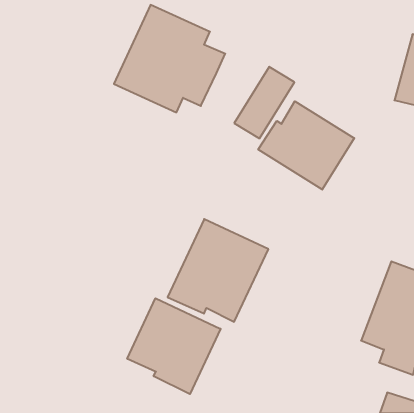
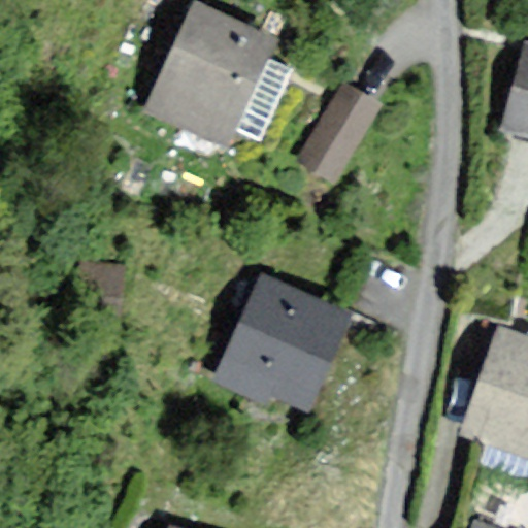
building: [258,101,354,190] -> none
building: [127,298,221,394] -> none

